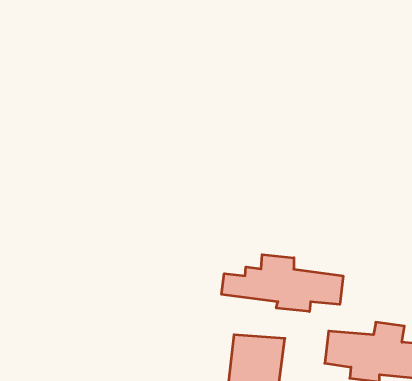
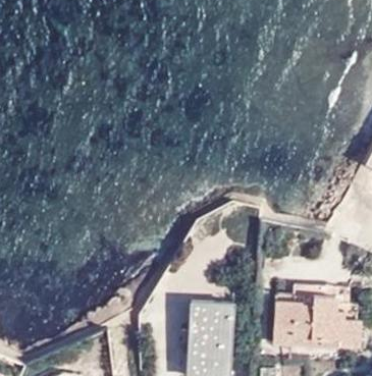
building: [222,255,343,312] -> none

